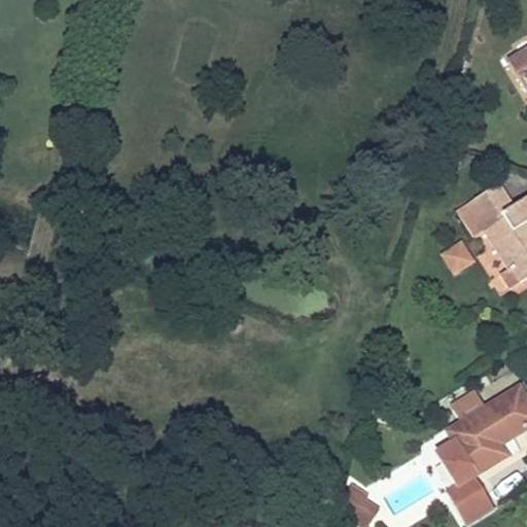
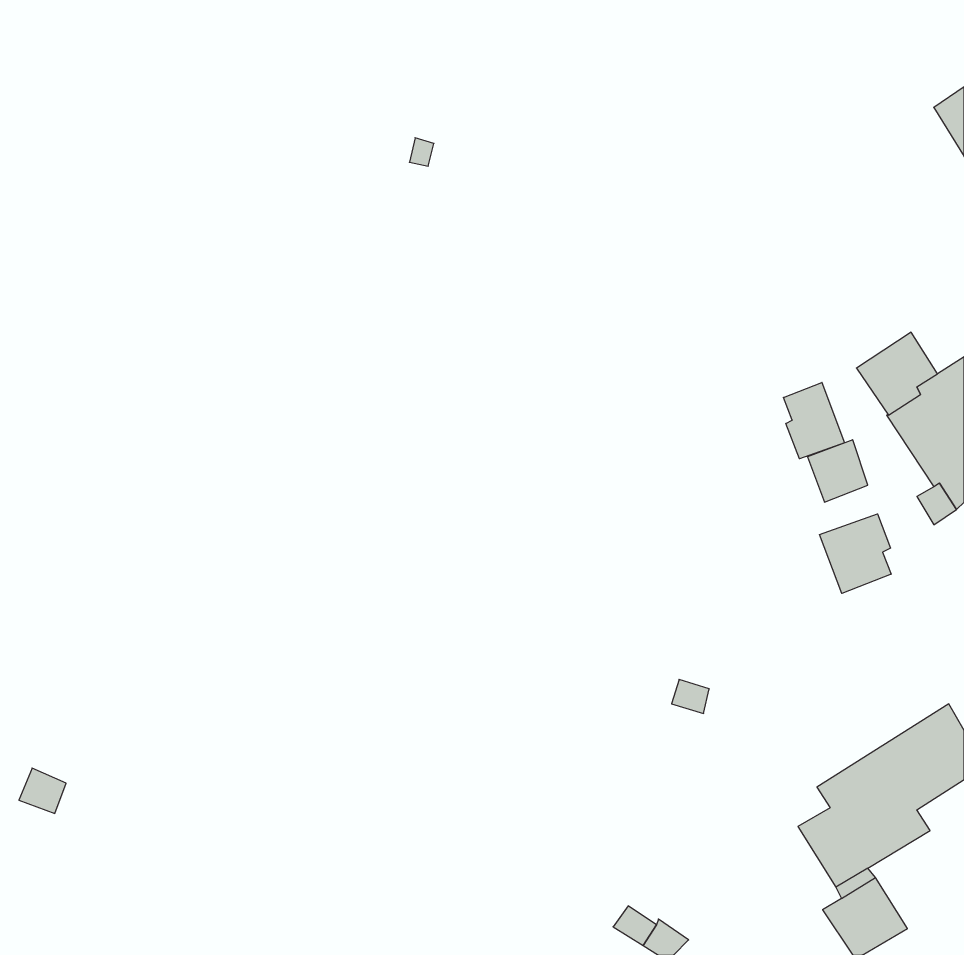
building: none -> [783,382,845,459]
building: none -> [820,514,891,593]

